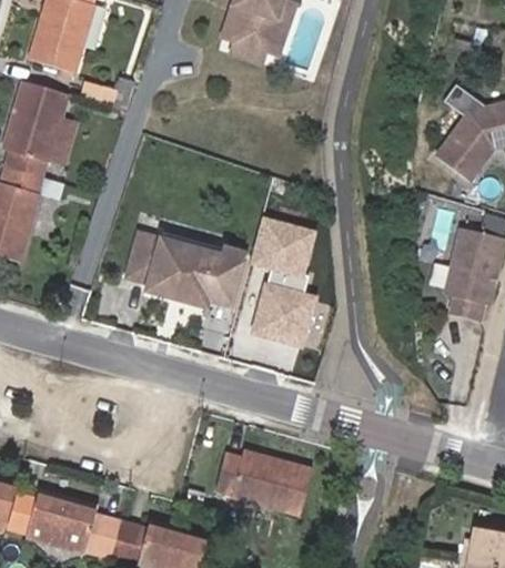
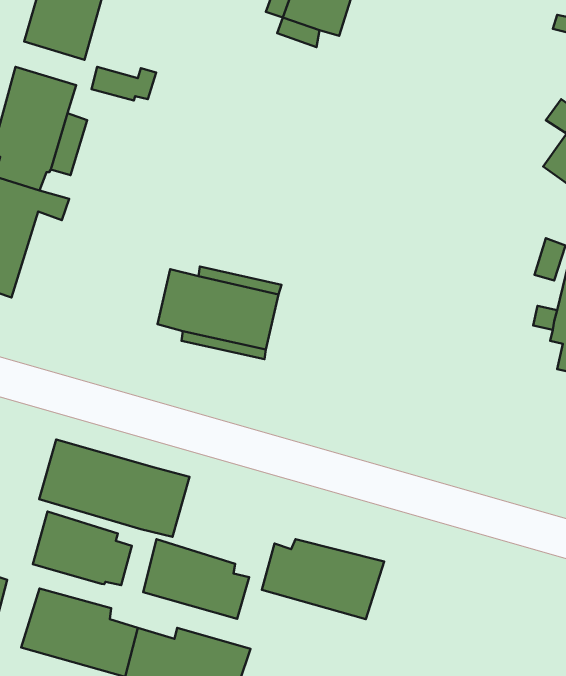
building: [245,213,315,345] -> none
building: none -> [39,439,190,537]
building: none -> [33,512,132,585]
building: none -> [143,539,249,619]

